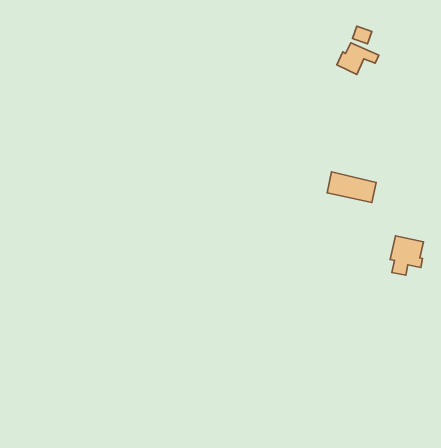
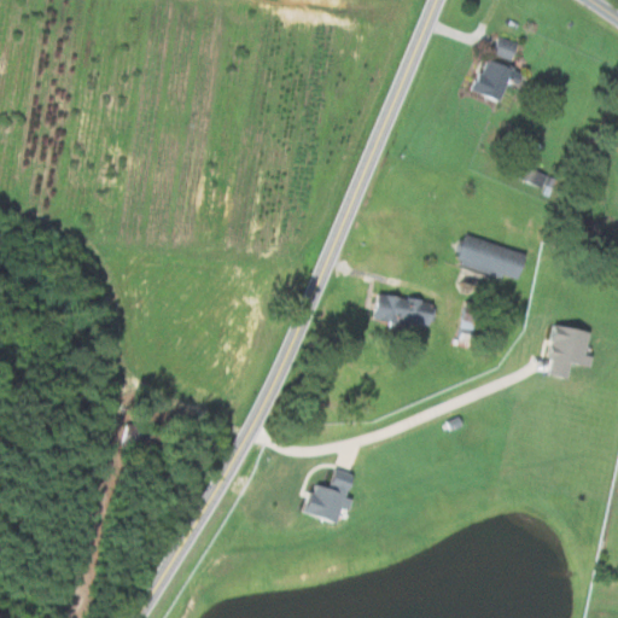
building: none -> [375,296,432,325]
building: none -> [303,468,354,526]

